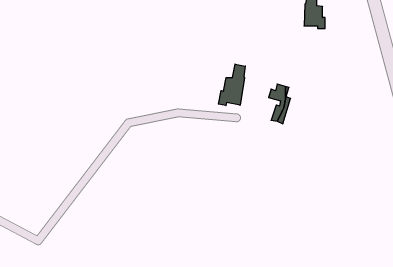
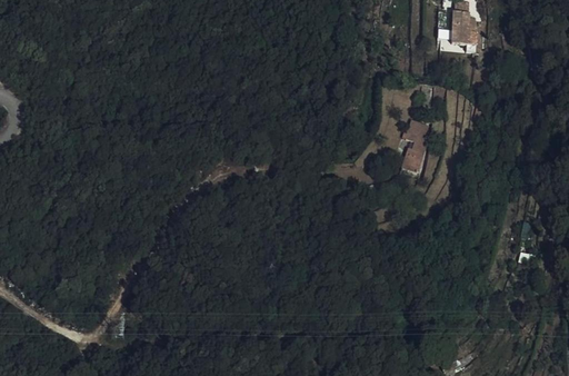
building: [218,64,245,106] -> none

